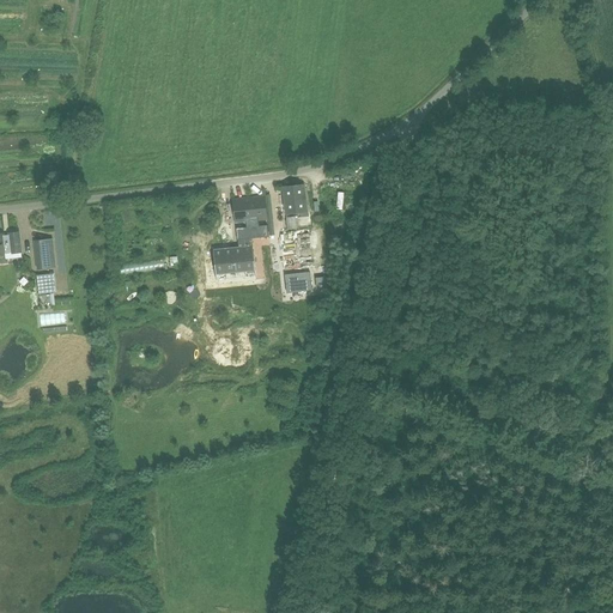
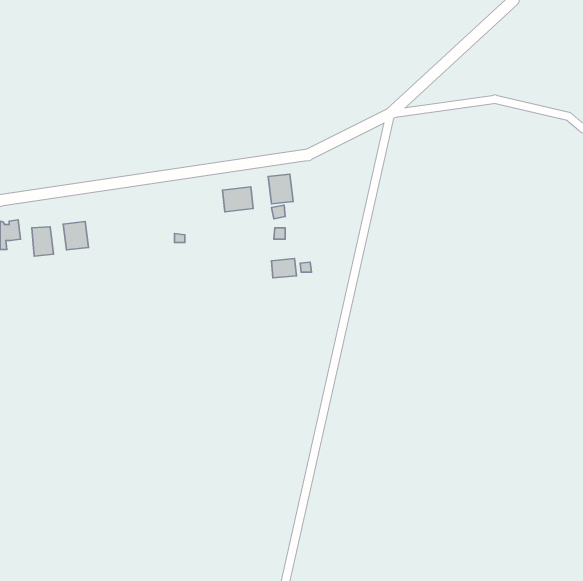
building: [211,226,268,274] -> none
building: none -> [63,222,89,250]

